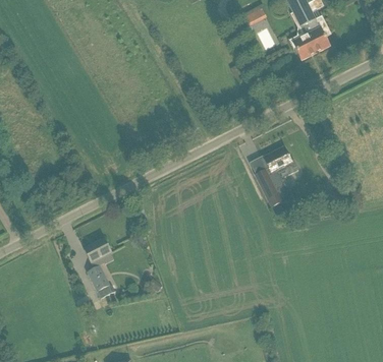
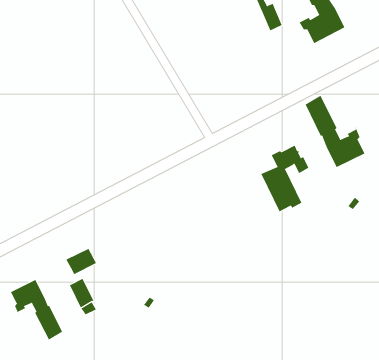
building: none -> [305,95,365,168]
building: none -> [10,279,63,340]

